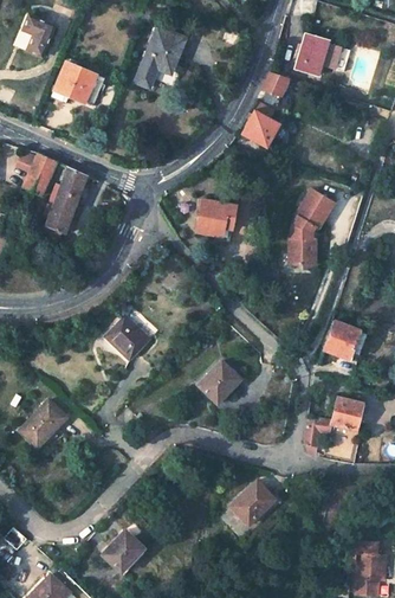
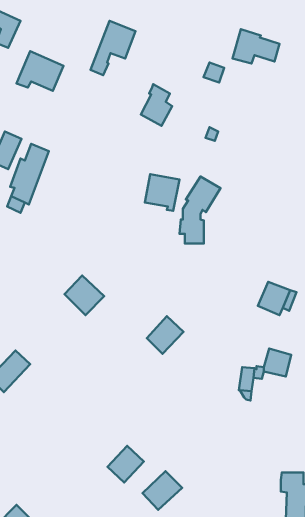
building: [242,99,278,147] -> [141,84,172,126]
building: [287,191,334,266] -> [180,177,220,243]
building: [231,481,276,525] -> [142,471,182,510]
building: [102,531,143,572] -> [107,446,144,482]

